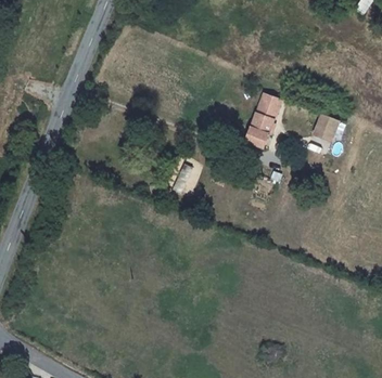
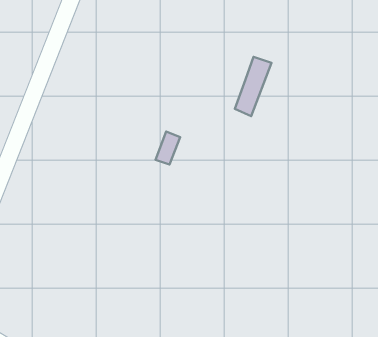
building: [314,109,342,140] -> none

